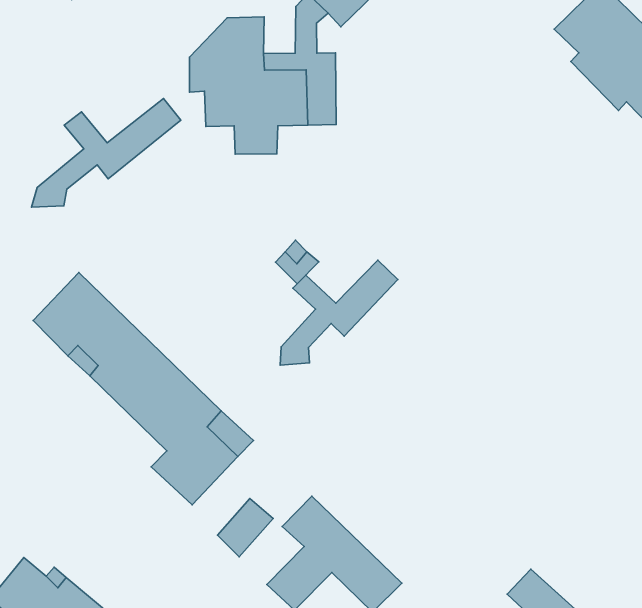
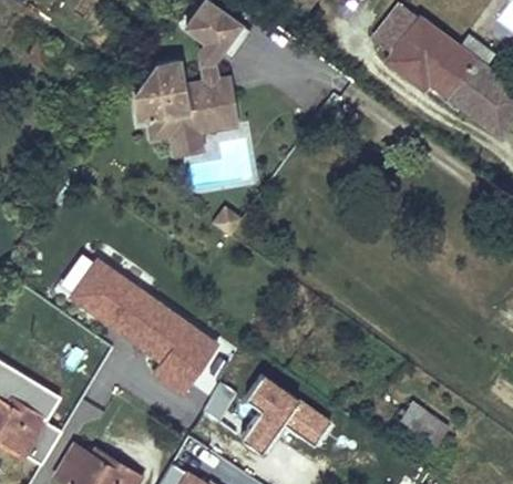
building: [31,99,181,207] -> none
building: [280,260,398,365] -> none

